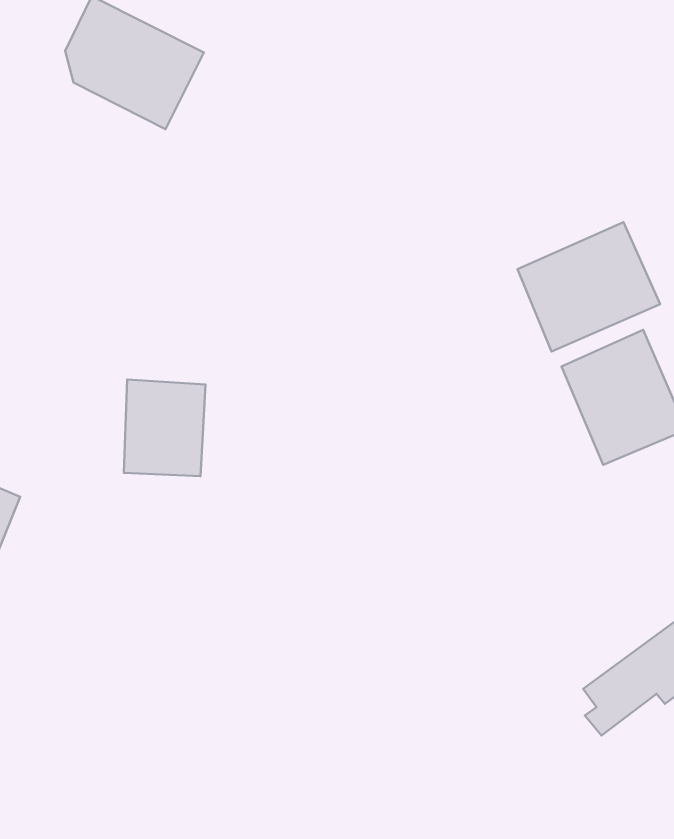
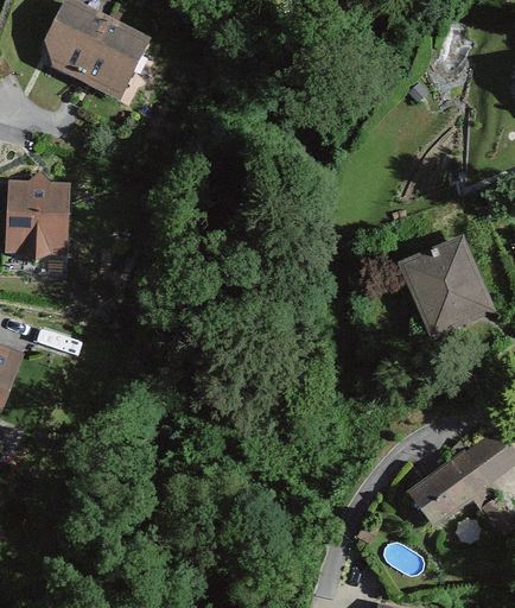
building: [517,222,660,351] -> none
building: [124,379,206,476] -> [11,183,69,252]

